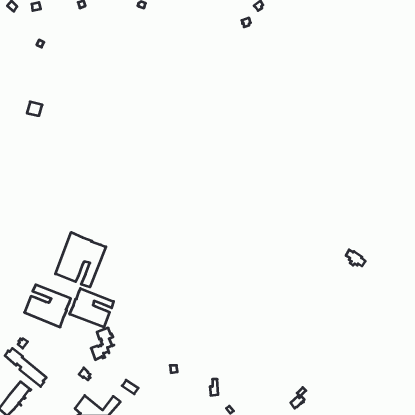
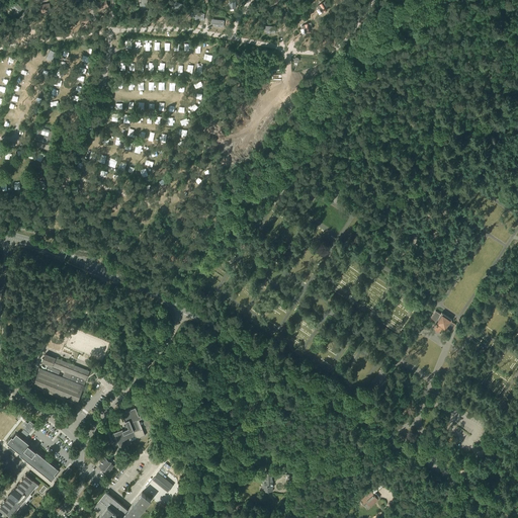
building: [55,232,106,287] -> none
building: [70,288,114,327] -> none

